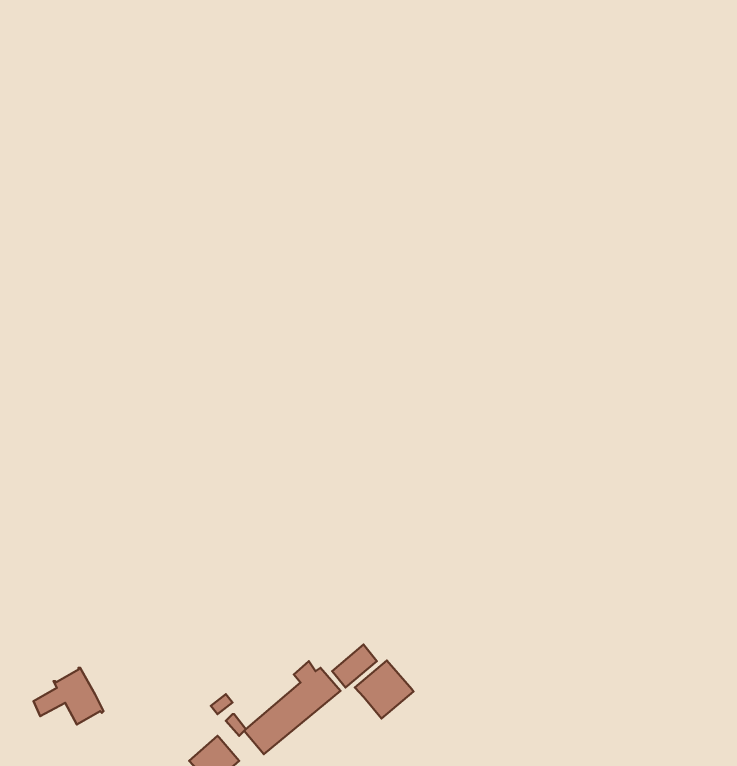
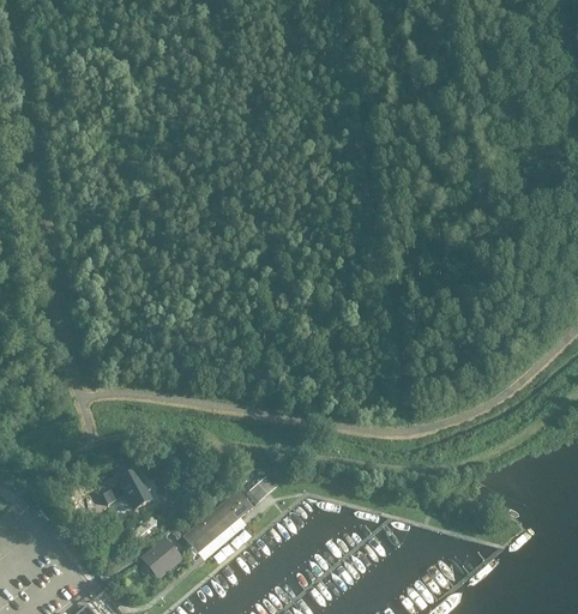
building: [355,661,413,718] -> none
building: [34,668,103,724] -> [102,469,152,510]

